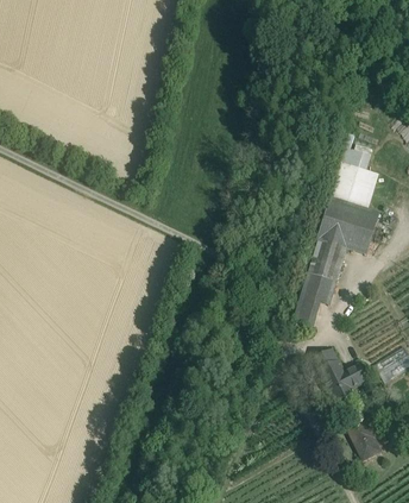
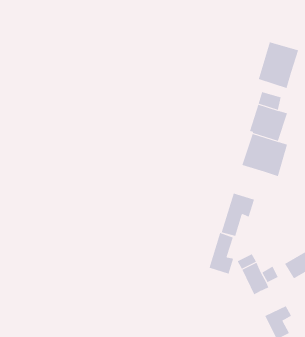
building: none -> [258,41,299,89]
building: [308,238,346,281] -> none
building: none -> [209,232,234,274]

